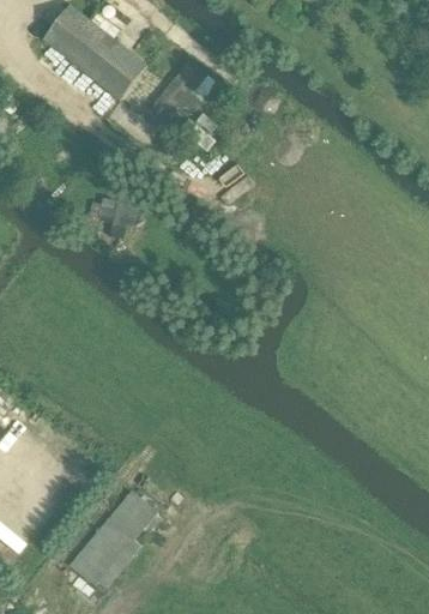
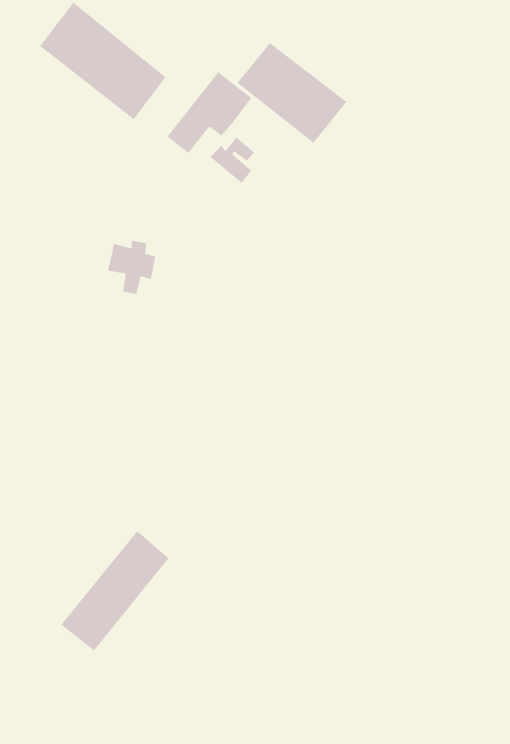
building: none -> [237,42,348,144]
building: [67,489,156,588] -> [60,530,170,652]

